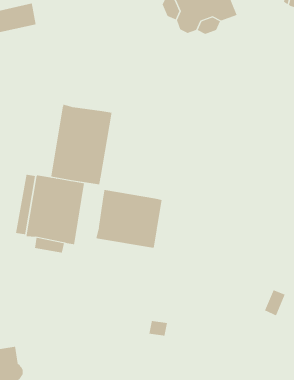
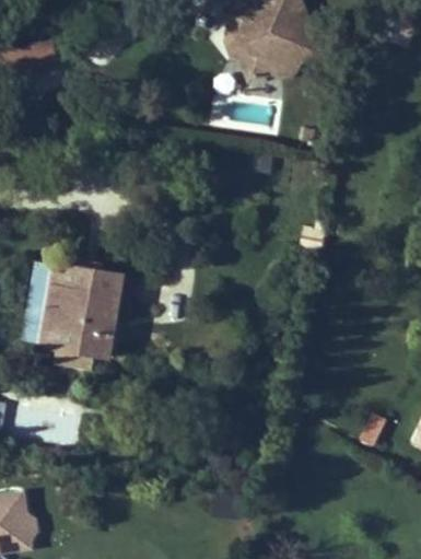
building: [51,104,112,185] -> none
building: [96,189,162,249] -> none

